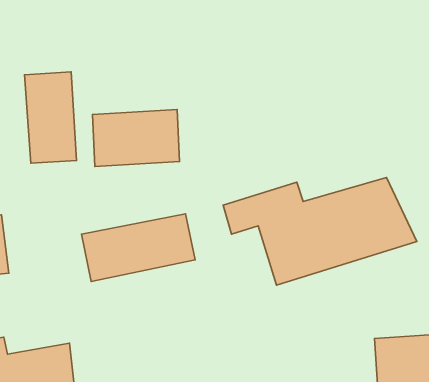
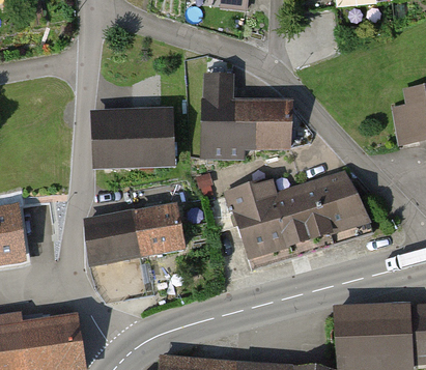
building: none -> [205,75,290,153]
building: [25,72,76,163] -> none

